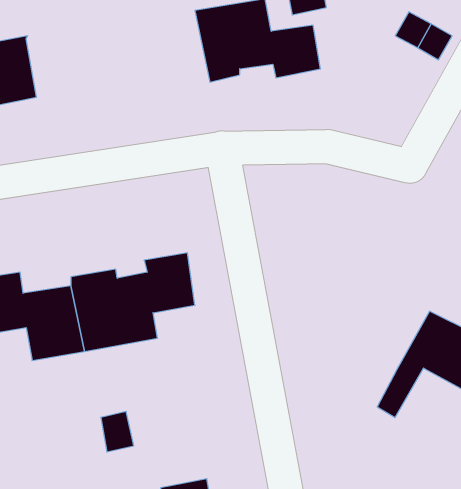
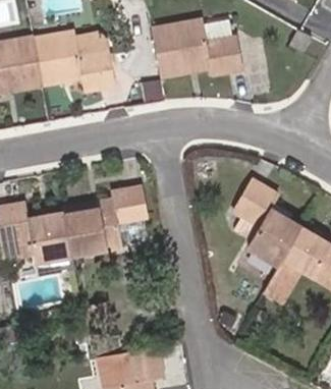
building: none -> [32,36,110,94]
building: none -> [238,182,307,271]

